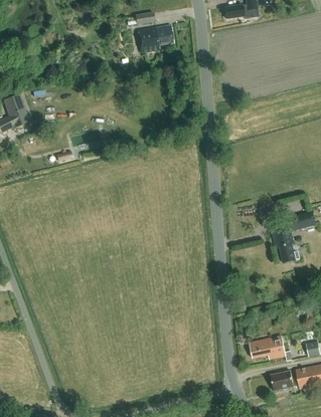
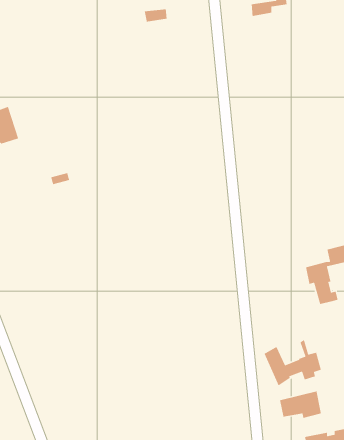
building: [138,25,173,52] -> none
building: none -> [263,339,322,387]

